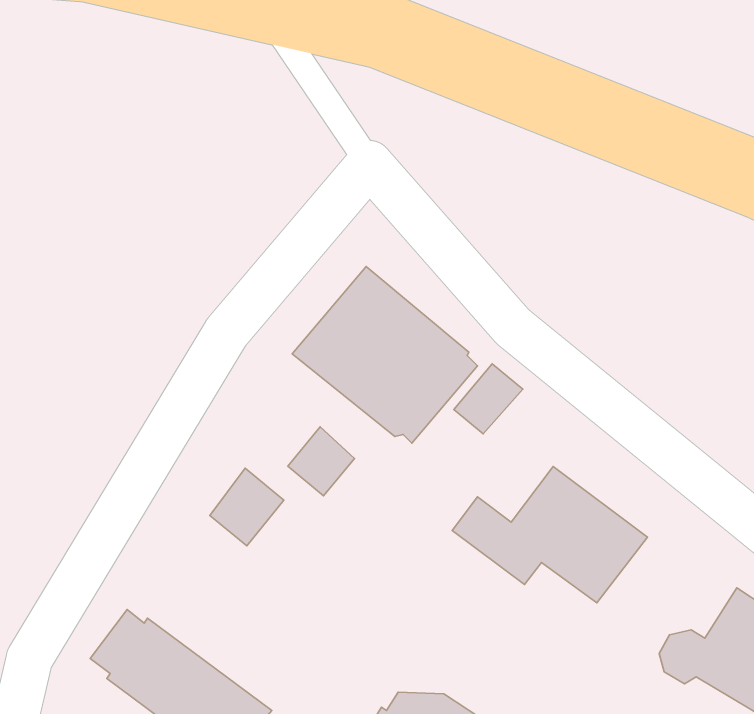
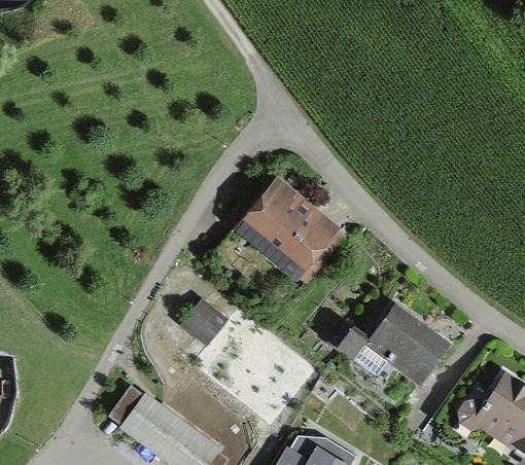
building: [454,364,523,434] -> none
building: [288,427,355,496] -> none

